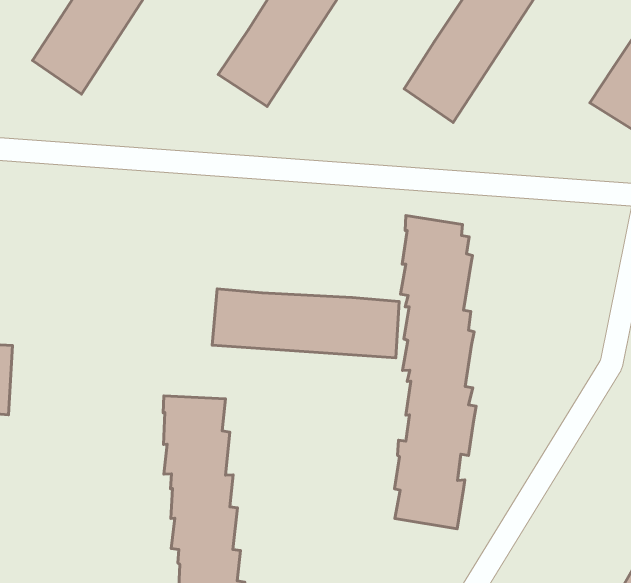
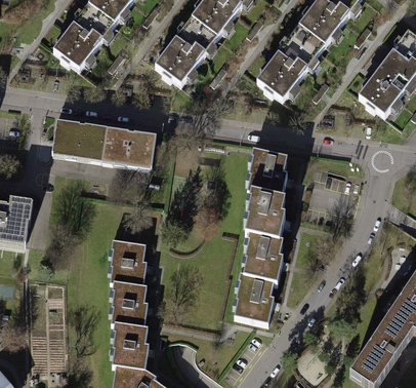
building: [212,289,399,358] -> [51,119,156,164]

